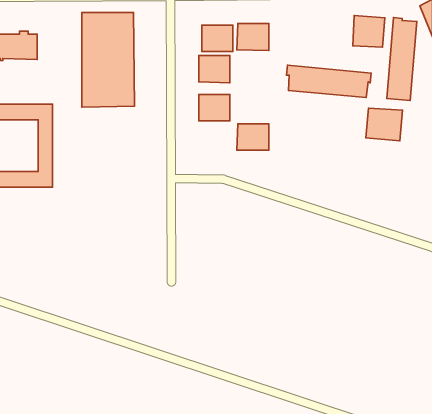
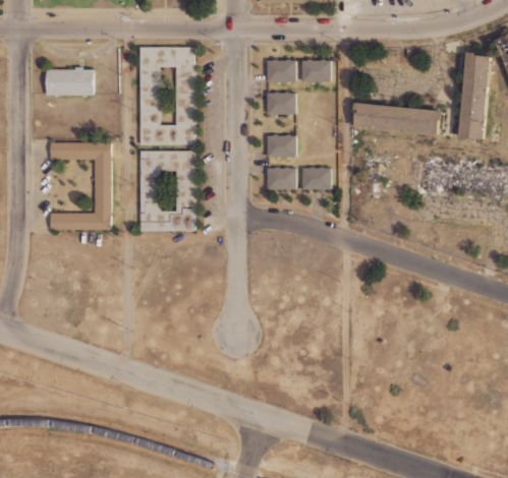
building: [353,15,385,47] -> none
building: [366,108,402,141] -> none
building: none -> [139,151,193,231]
building: none -> [263,162,295,189]

